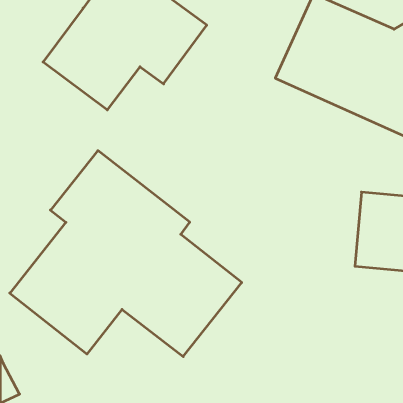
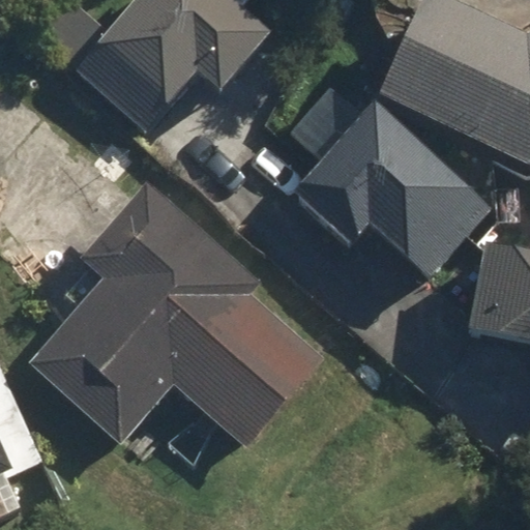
building: none -> [291,85,494,289]

